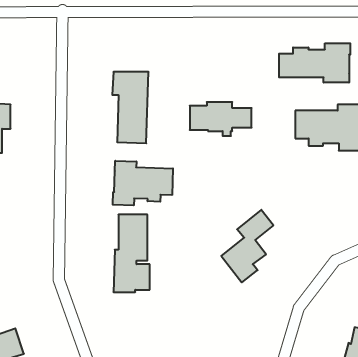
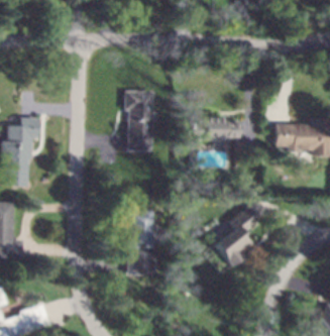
building: [279,43,350,83] -> none
building: [113,161,173,205] -> none

